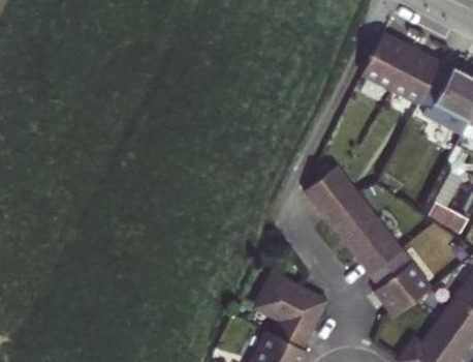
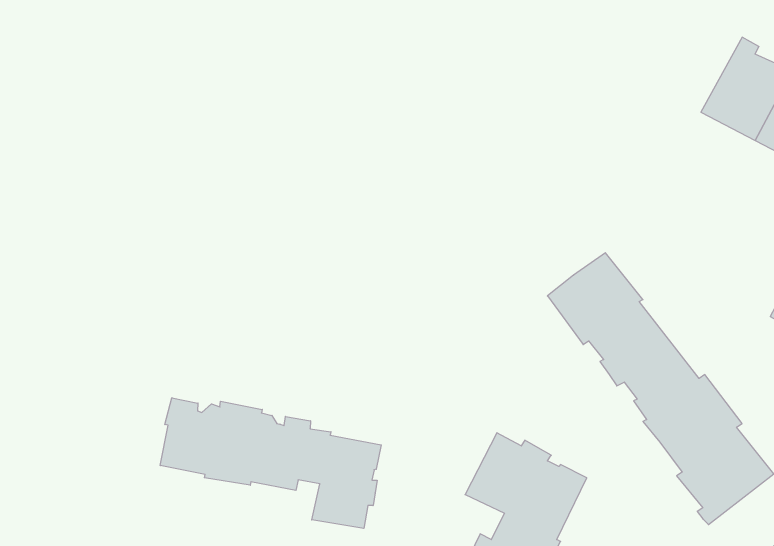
building: [364,41,413,93] -> none
building: none -> [160,398,381,528]

